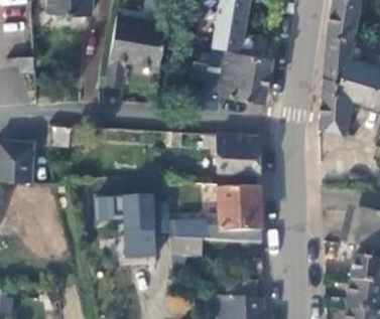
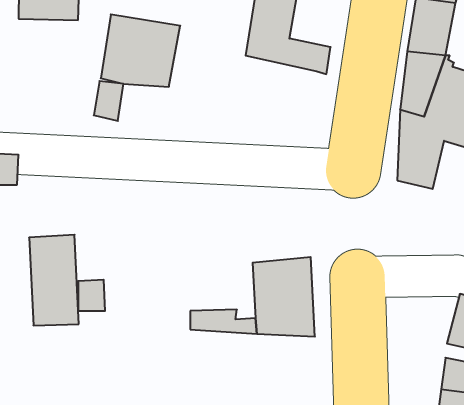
building: [182,40,262,104] -> none
building: [219,132,260,174] -> none
building: [119,197,154,262] -> [29,235,79,325]

